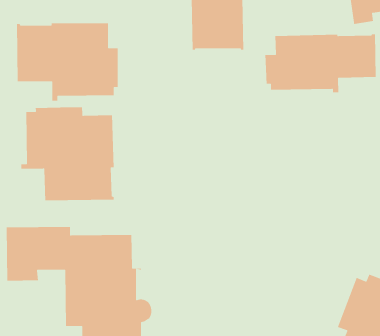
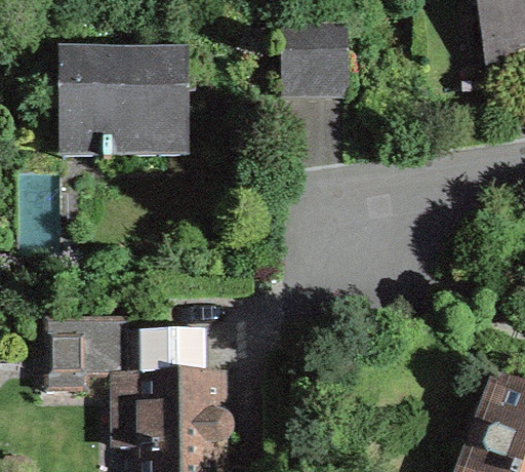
building: [265,33,377,93] -> none
building: [20,106,115,201] -> none

